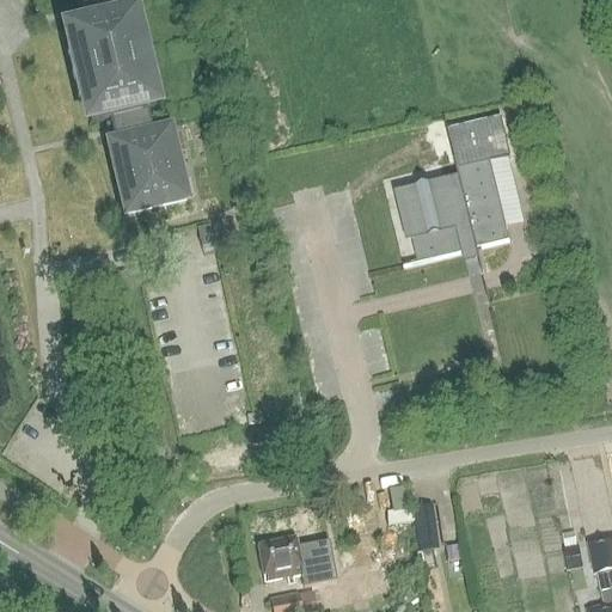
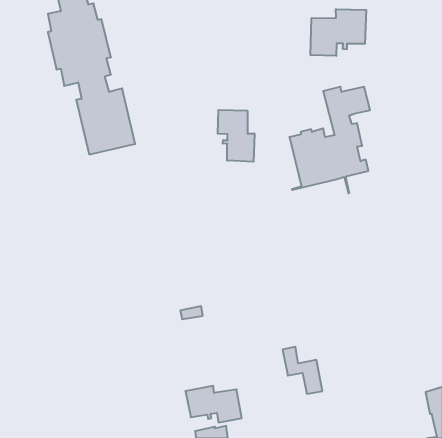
building: none -> [311,9,366,56]
building: none -> [218,110,254,162]

